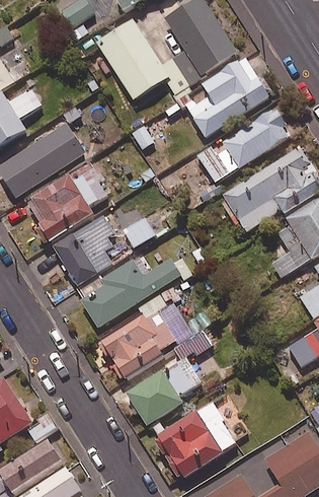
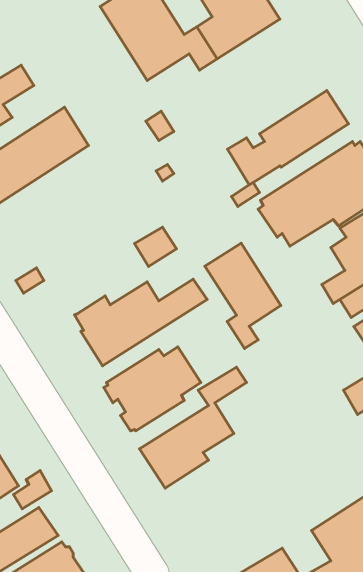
building: [187,57,270,137] -> none
building: [25,162,105,244] -> none
building: [52,215,113,286] -> none
building: none -> [205,243,281,348]
building: [154,400,235,480] -> none

